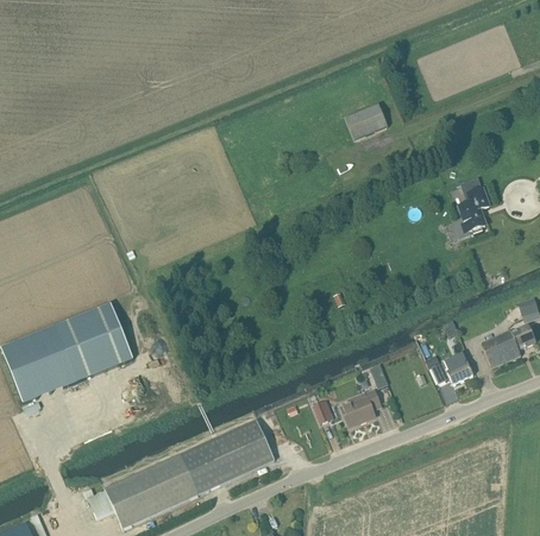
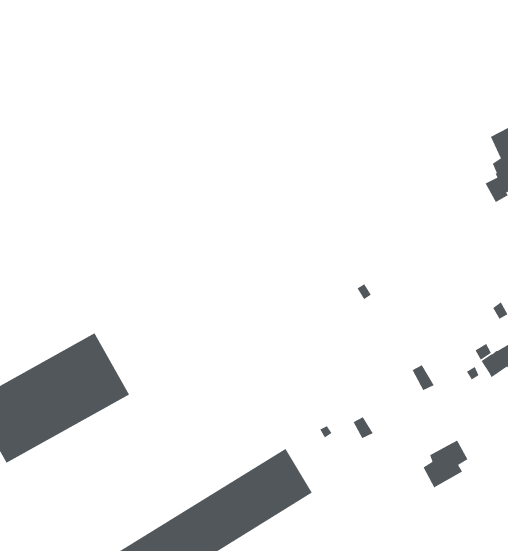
building: [345,102,387,139] -> none
building: [341,387,381,425] -> [422,440,469,488]

